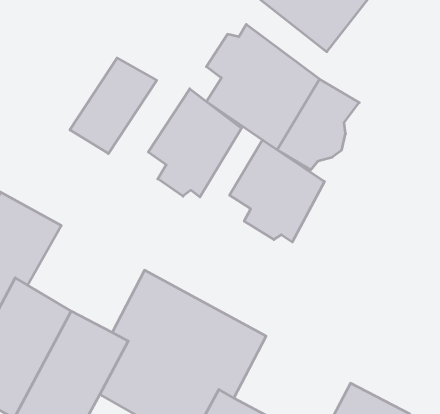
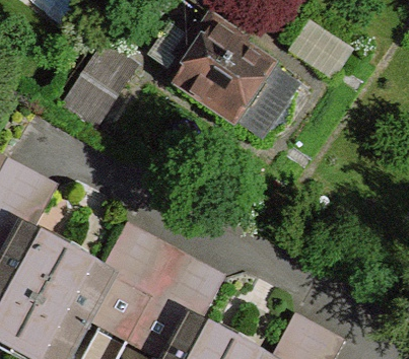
building: [148,89,242,197] -> none
building: [230,140,324,242] -> none

